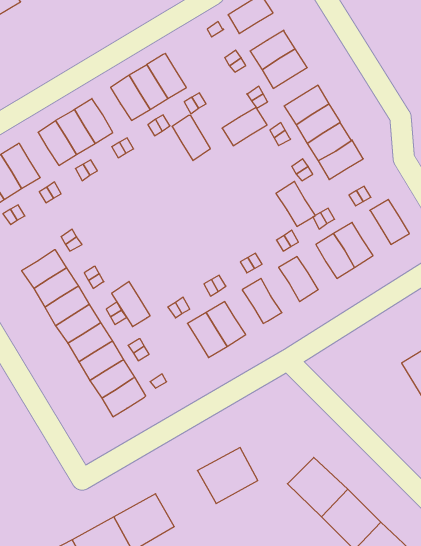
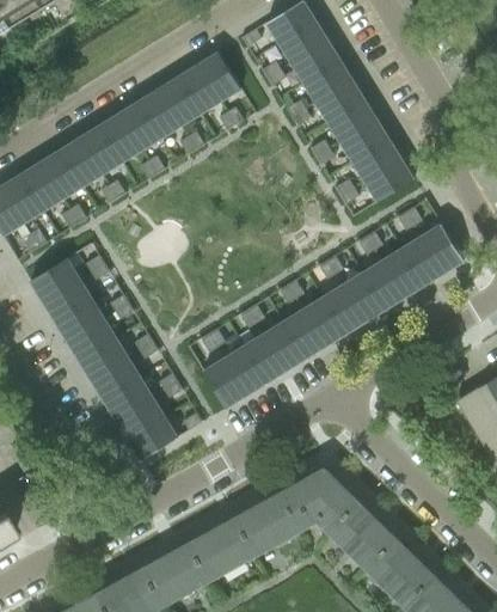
building: none -> [278,20,327,62]
building: none -> [118,102,161,151]
building: [222,107,267,146] -> [315,80,364,122]
building: [172,116,210,161] -> [198,53,240,102]
building: none -> [39,151,82,200]
building: [276,181,315,226] -> [342,273,385,322]
building: none -> [401,235,443,284]
building: none -> [30,258,79,301]
building: none -> [302,298,344,347]
building: [112,281,150,327] -> [203,359,245,408]
building: none -> [263,322,305,371]
building: none -> [280,469,360,533]
building: none -> [188,519,253,580]

